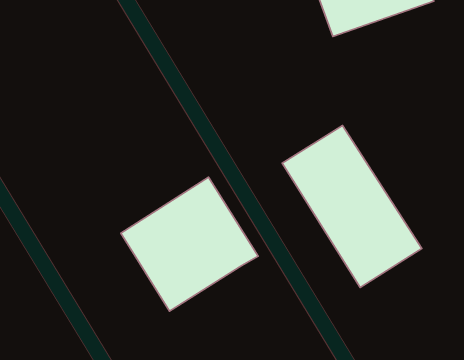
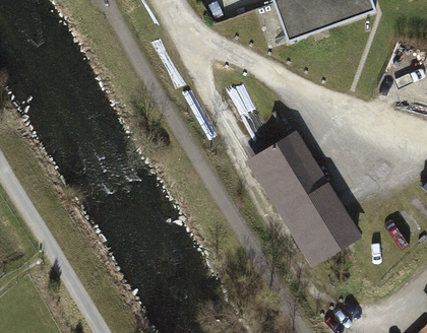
building: [121,177,258,311] -> none

